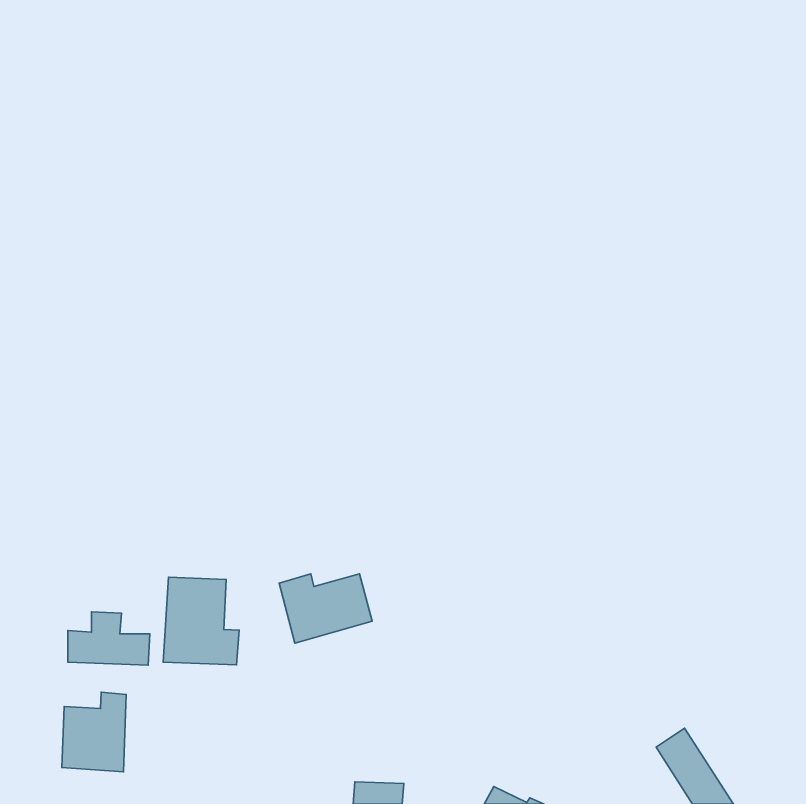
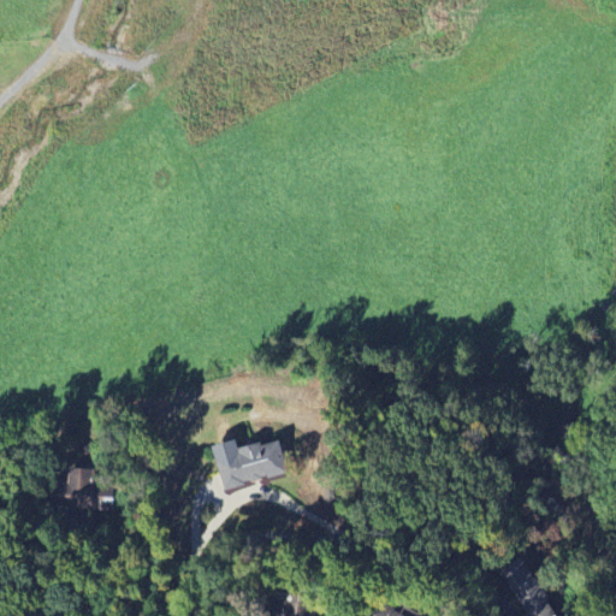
building: [163,577,239,665] -> none
building: [62,692,126,772] -> none

